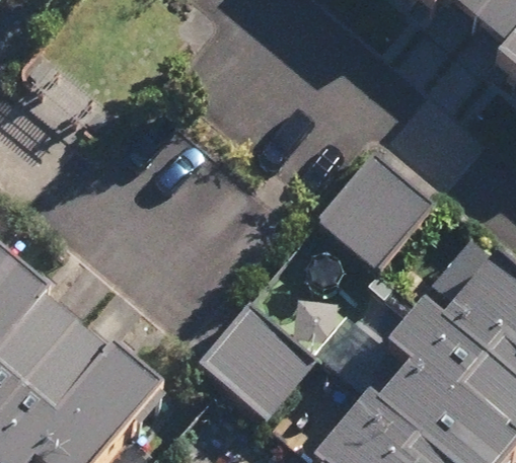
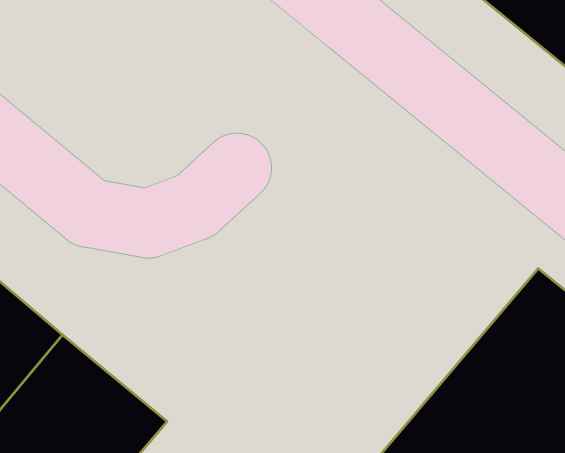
building: [315,147,434,265] -> none
building: [196,295,316,414] -> none

